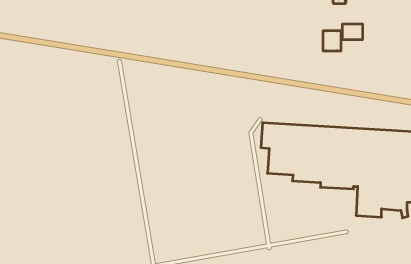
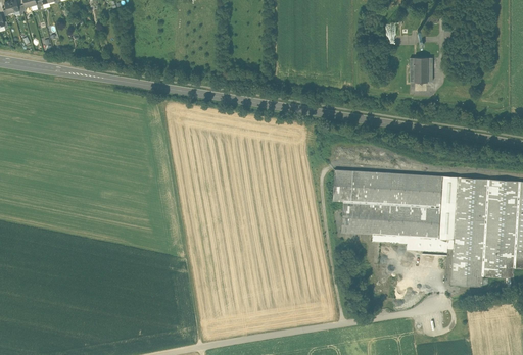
building: [343,24,362,40] -> none

